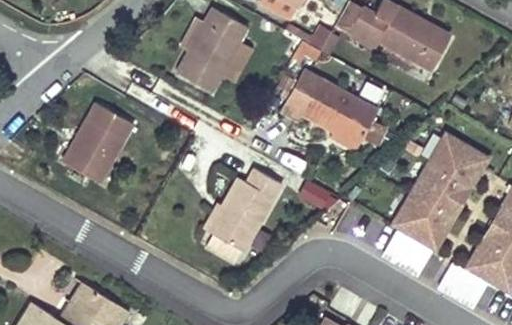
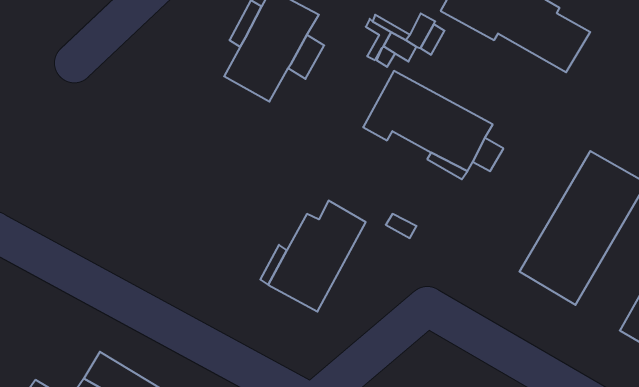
building: [62,101,132,181] -> none

